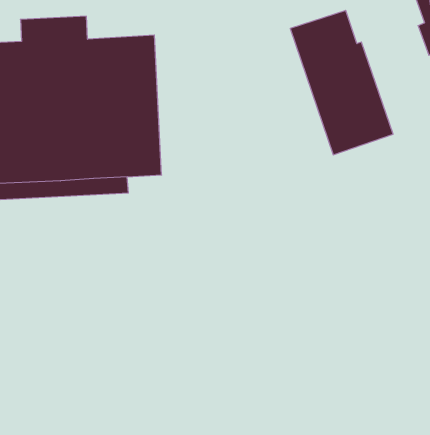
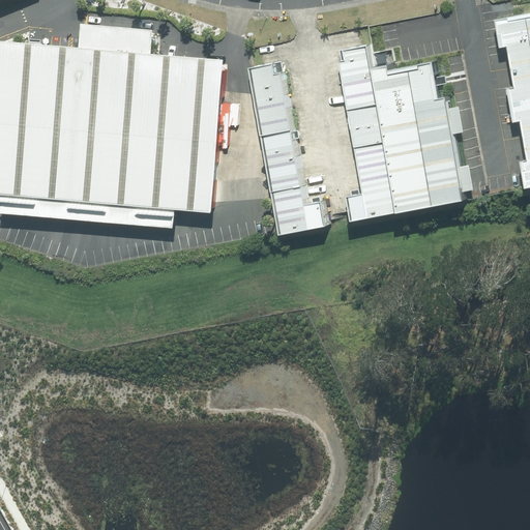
building: none -> [338,46,399,224]
building: none -> [247,66,324,235]

